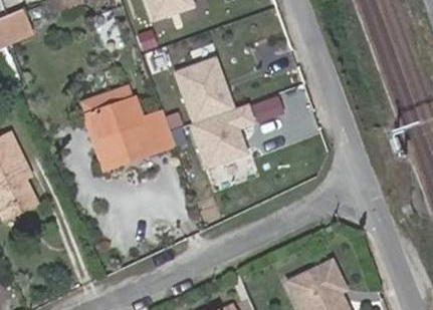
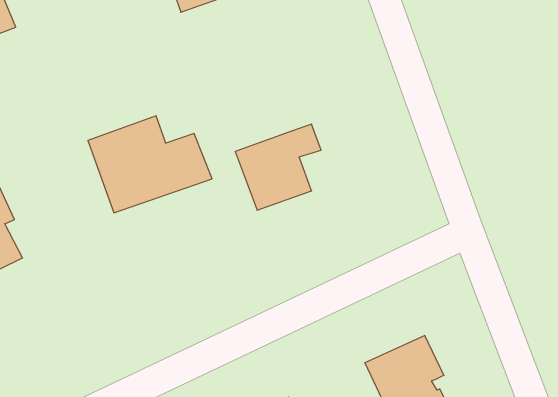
building: [175,55,235,123] -> none

